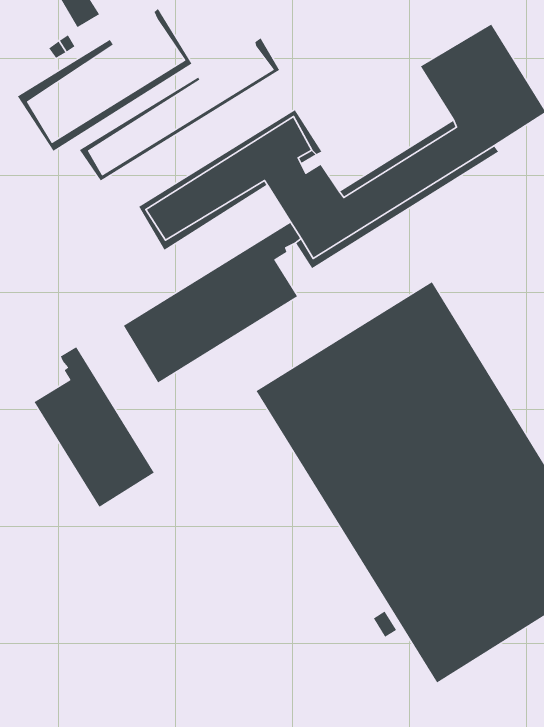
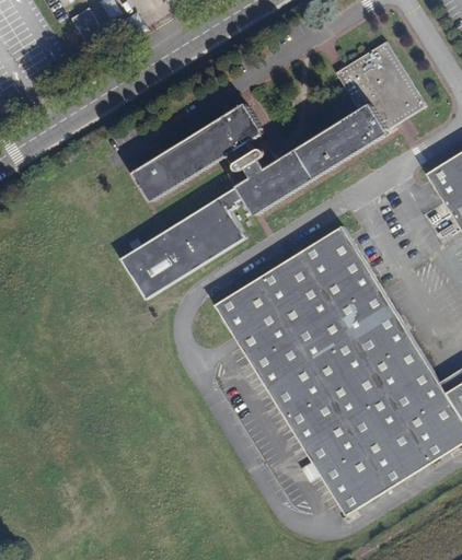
building: [17,8,192,152] -> none
building: [79,37,280,182] -> none
building: [34,346,155,508] -> none

